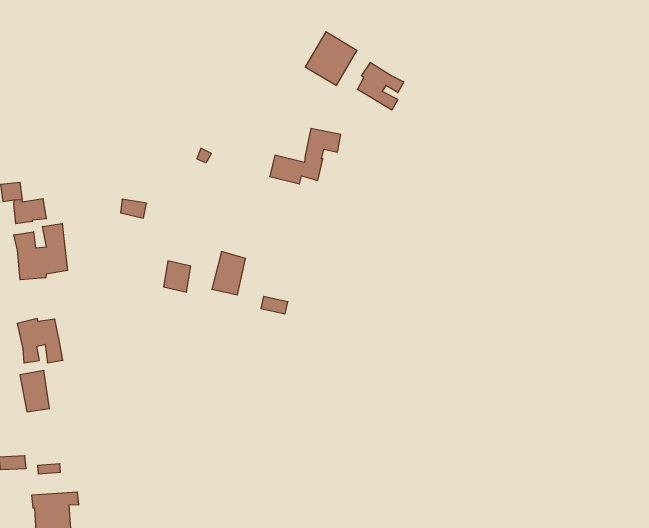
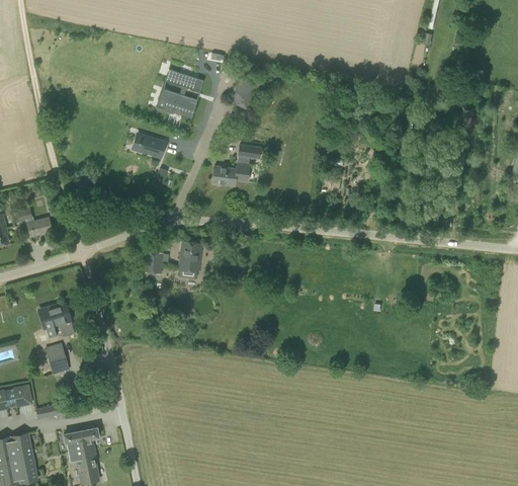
building: none -> [163,69,197,118]
building: [357,62,404,110] -> none
building: none -> [136,135,165,157]
building: [14,224,67,280] -> none

